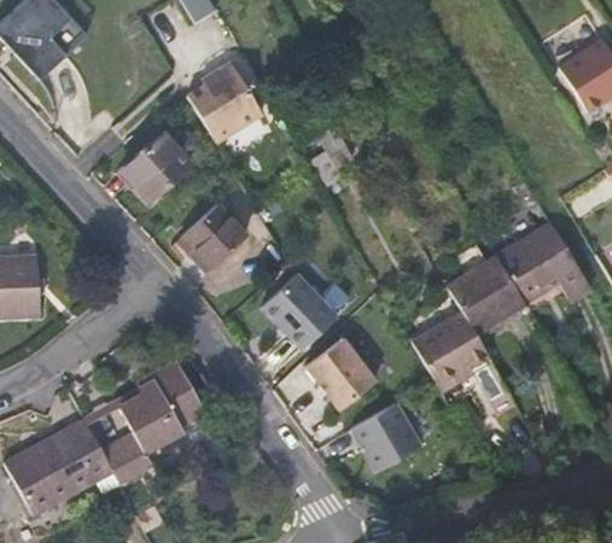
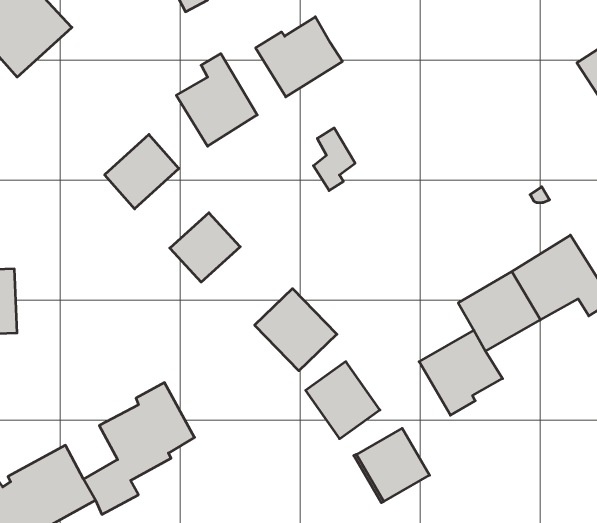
building: none -> [256,17,342,97]

